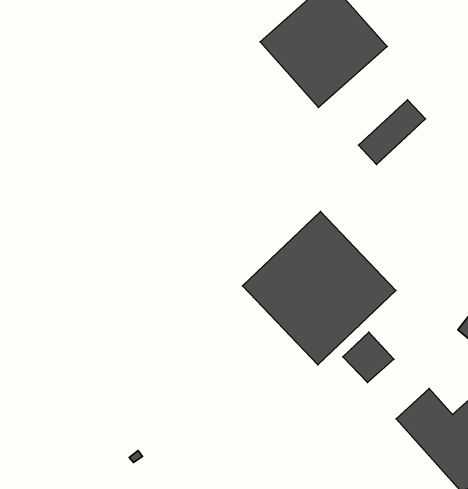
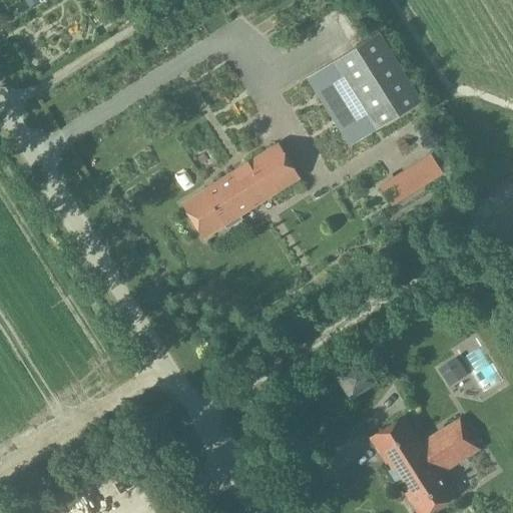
building: none -> [182,144,300,238]
building: [243,212,396,365] -> none

